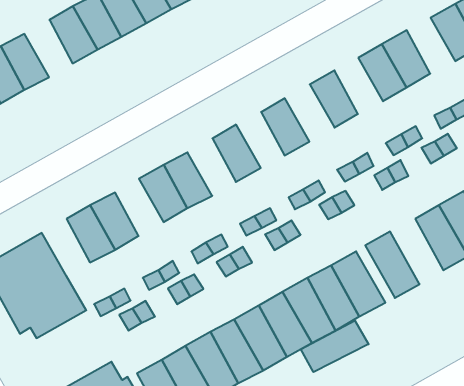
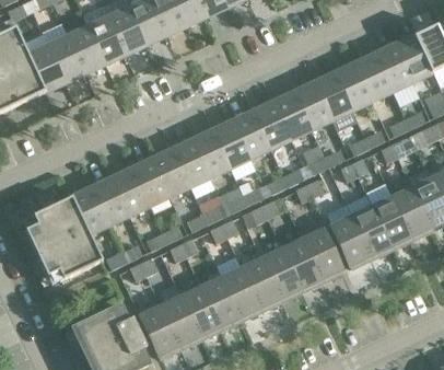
building: none -> [375,45,412,90]
building: none -> [68,26,105,72]
building: none -> [315,73,352,118]
building: none -> [273,92,312,138]
building: none -> [233,112,270,157]
building: none -> [192,130,230,176]
building: none -> [132,159,170,205]
building: none -> [351,206,392,258]
building: none -> [71,187,108,233]
building: [301,320,369,372] -> none

